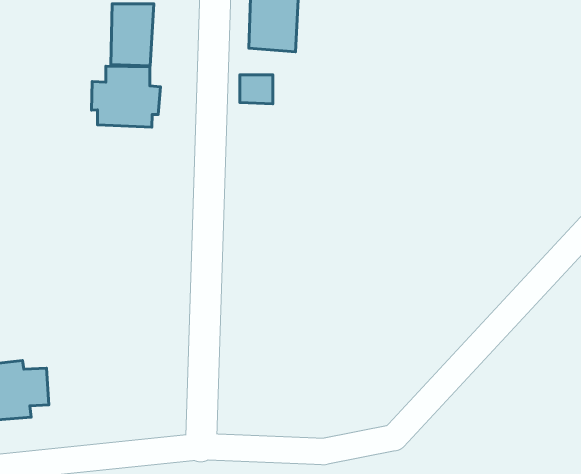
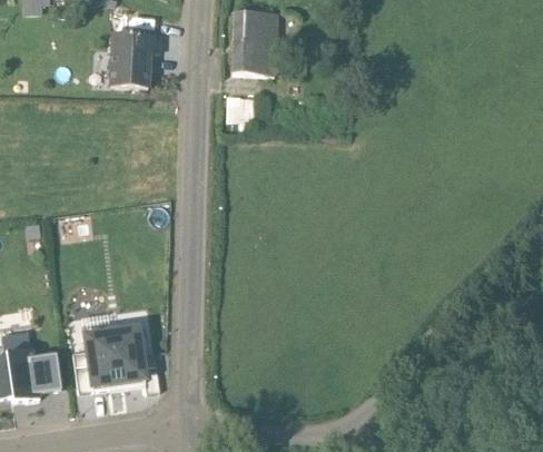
building: [92,66,161,127] -> none
building: none -> [83,323,150,387]

